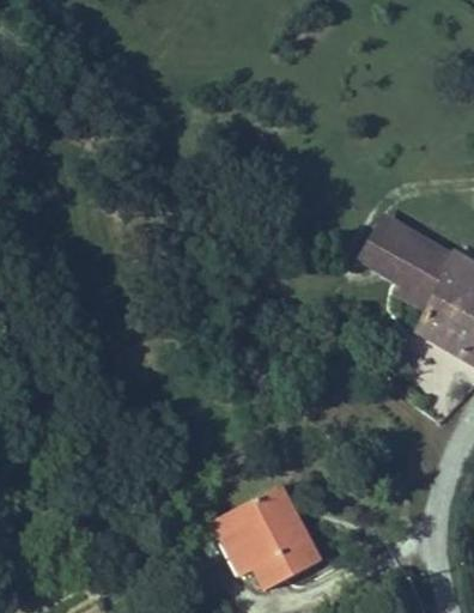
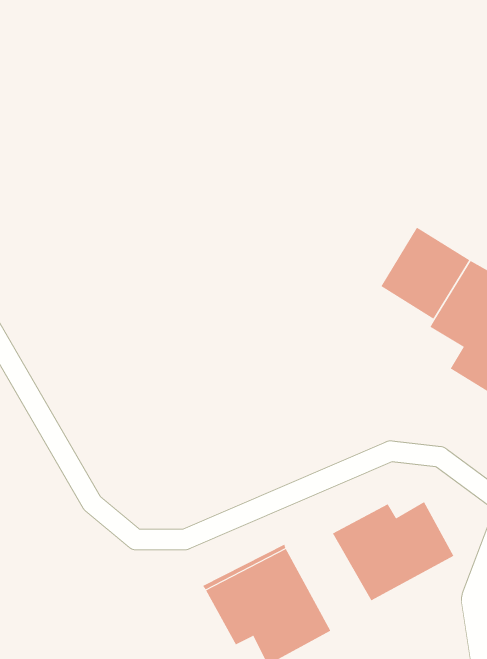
building: none -> [332,501,454,601]

